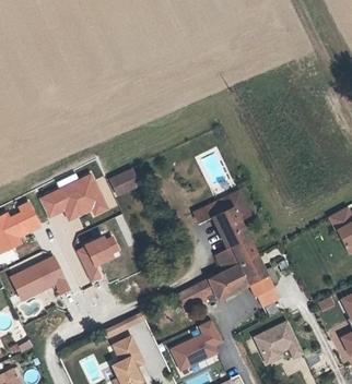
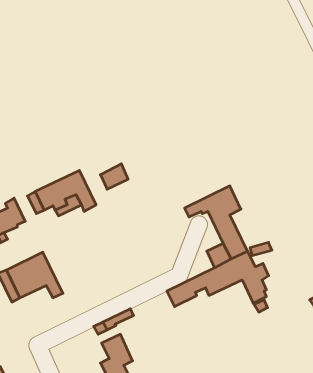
building: [77,236,118,281] -> none
building: [174,320,223,369] -> none
building: [255,322,303,364] -> none

